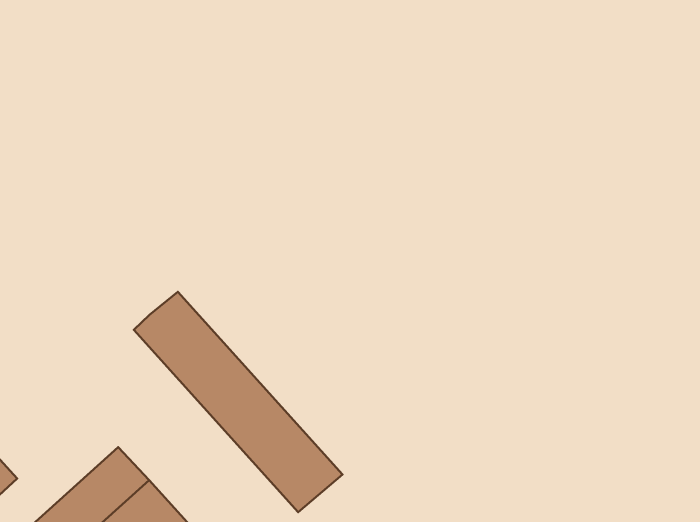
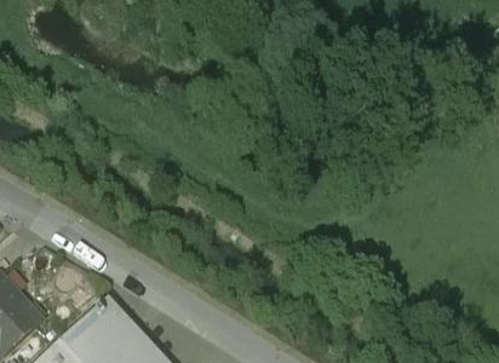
building: [134,292,342,512] -> none

